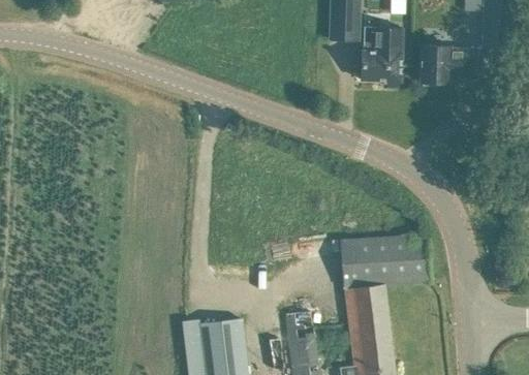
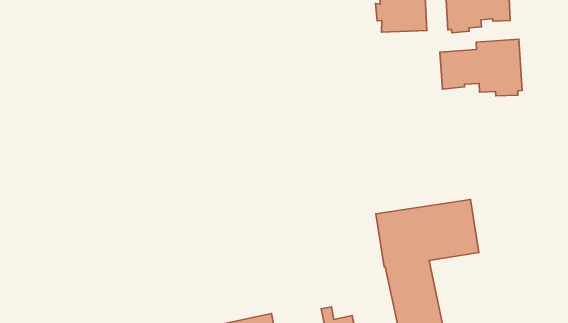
building: none -> [440,39,522,96]

